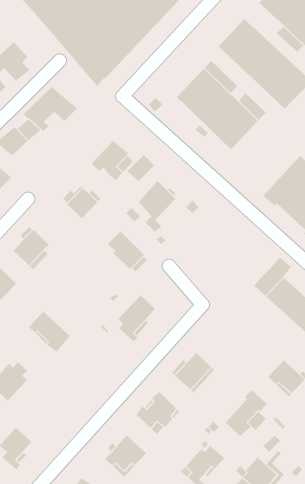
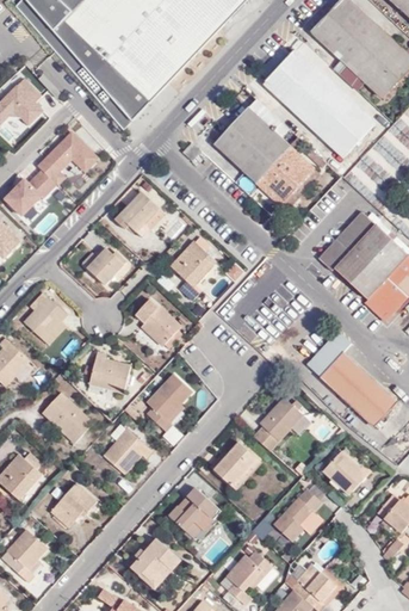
building: none -> [89,351,130,391]
building: none -> [254,397,303,449]
building: none -> [104,428,150,473]
building: none -> [50,482,98,526]

